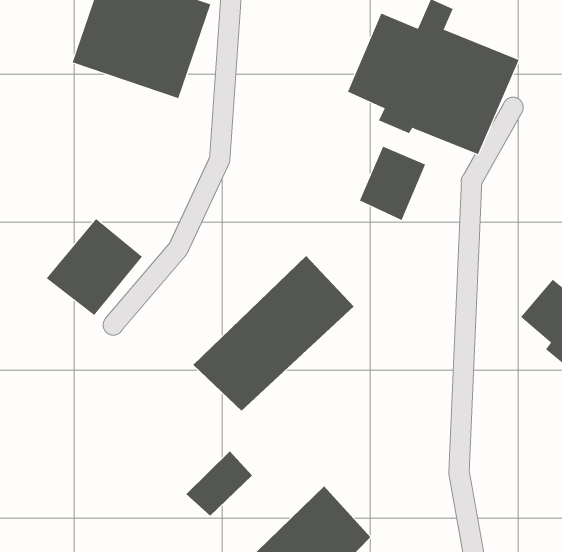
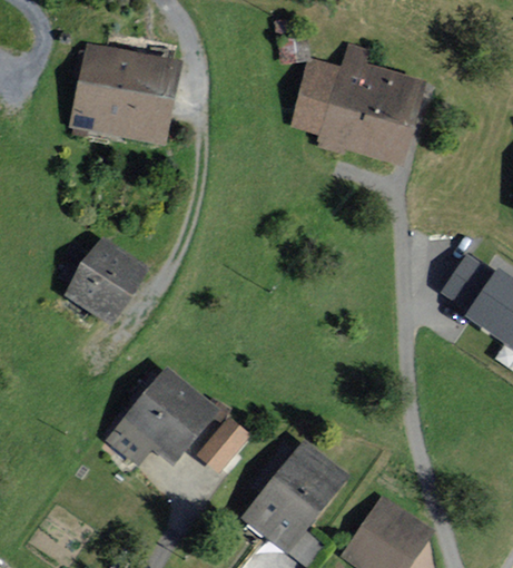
building: [359,146,426,221] -> none
building: [193,255,355,411] -> none
building: none -> [105,365,216,464]

